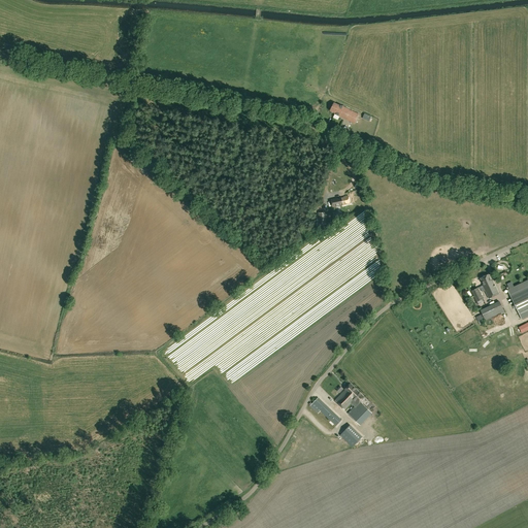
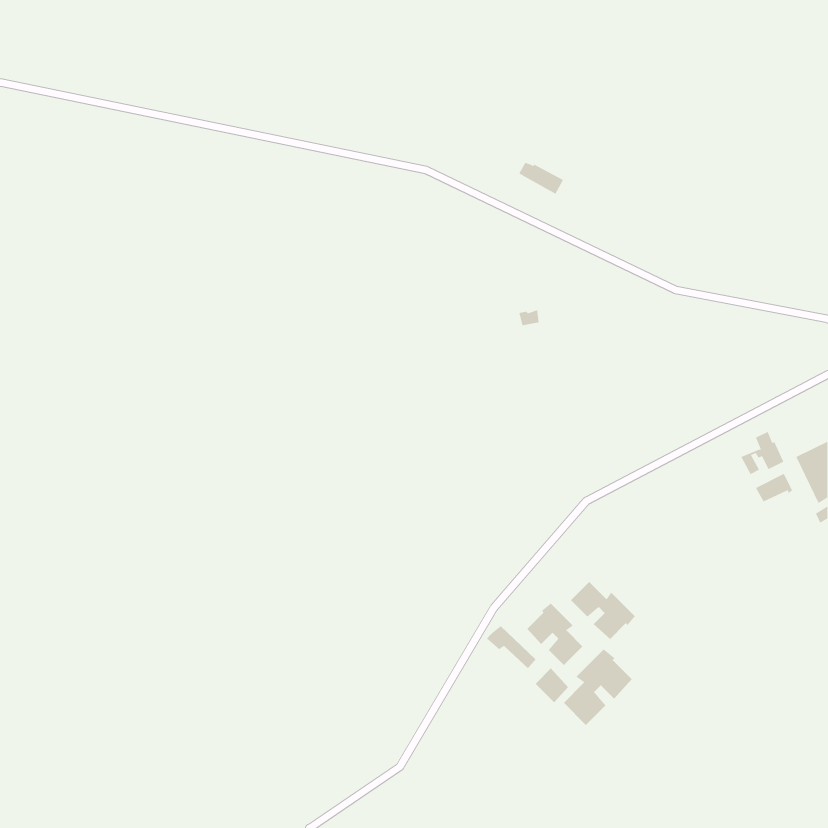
building: none -> [570,581,635,640]
building: none -> [563,649,633,726]

